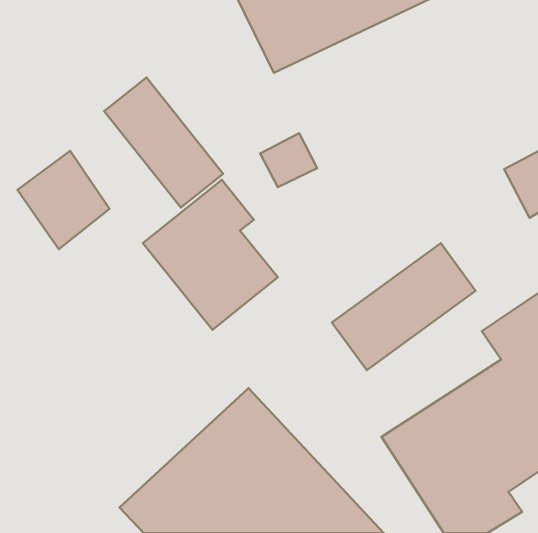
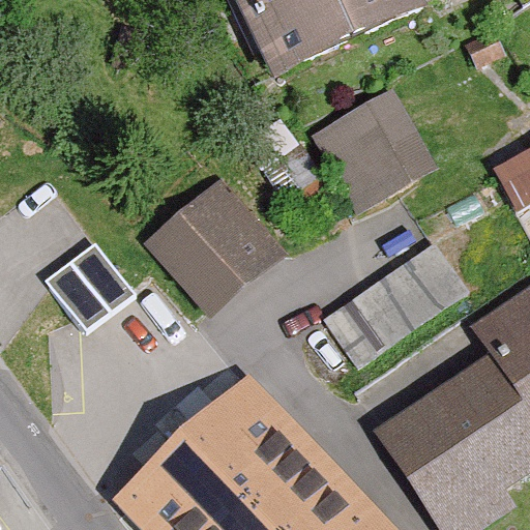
building: [104,78,223,208] -> none
building: none -> [317,98,434,213]
building: [17,151,109,249] -> [47,241,137,337]

